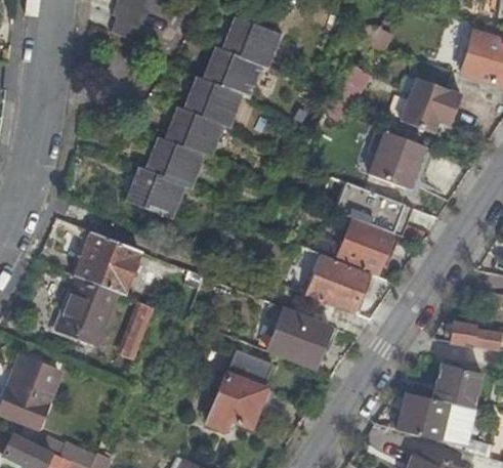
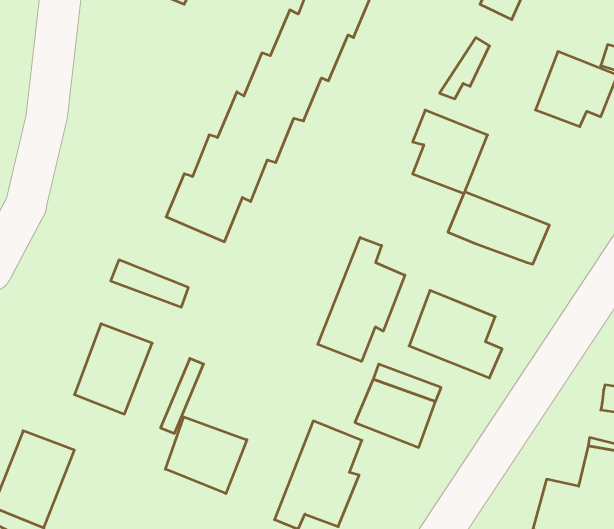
building: [368,126,423,187] -> [413,110,488,193]
building: none -> [318,237,405,361]
building: [337,218,393,274] -> none
building: [75,246,138,296] -> none
building: none -> [165,417,247,494]

